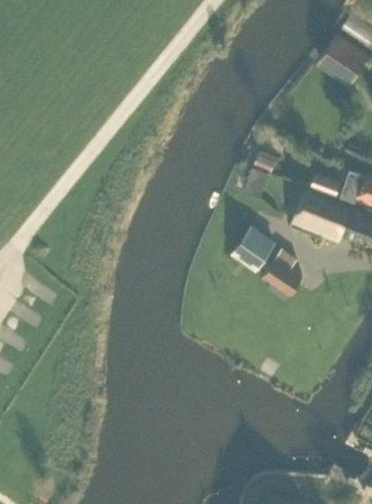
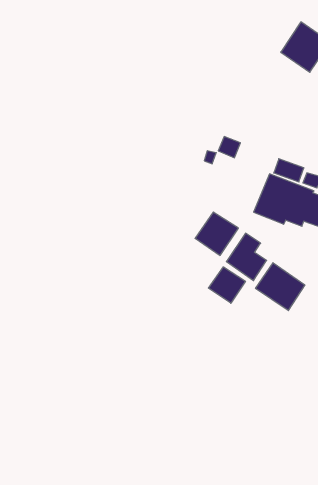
building: none -> [256,263,305,311]
building: none -> [208,267,245,303]

